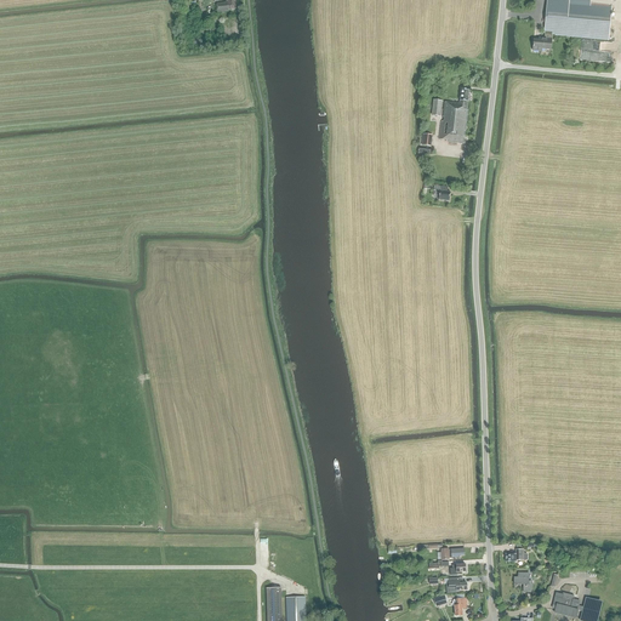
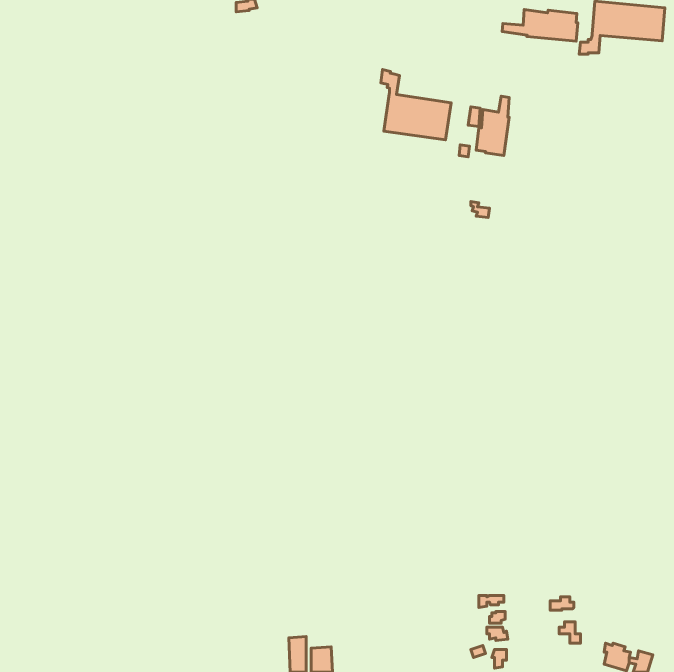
building: none -> [502,9,578,41]
building: none -> [381,69,451,140]

